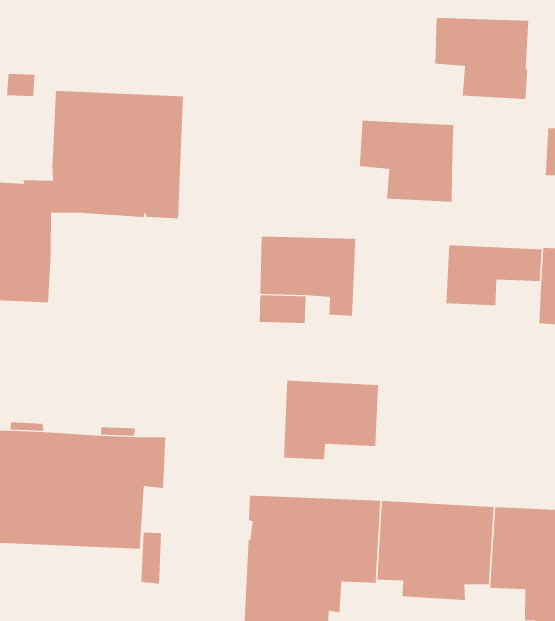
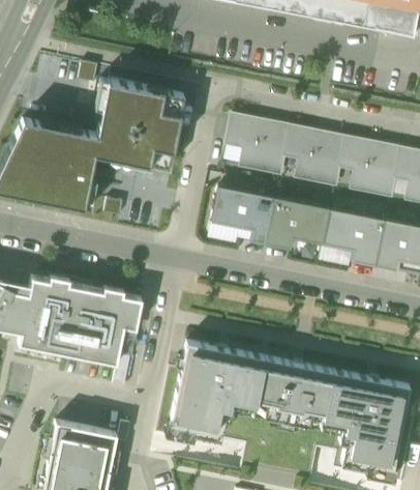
building: [434,17,529,100] -> [339,138,400,196]
building: none -> [228,115,290,173]
building: none -> [351,235,382,266]
building: [283,380,379,460] -> [266,197,330,249]

